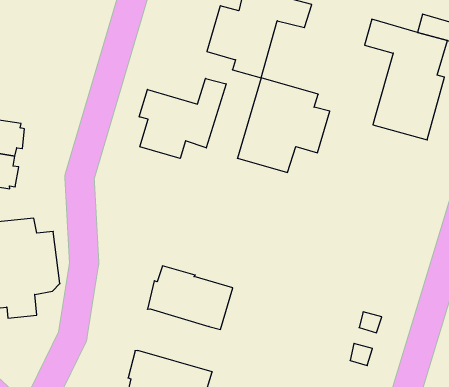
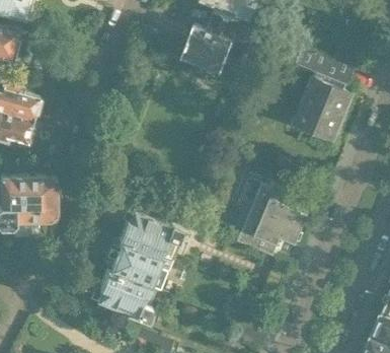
building: [237,78,330,172] -> [236,186,307,257]
building: [139,78,226,158] -> none
building: none -> [107,241,166,292]

